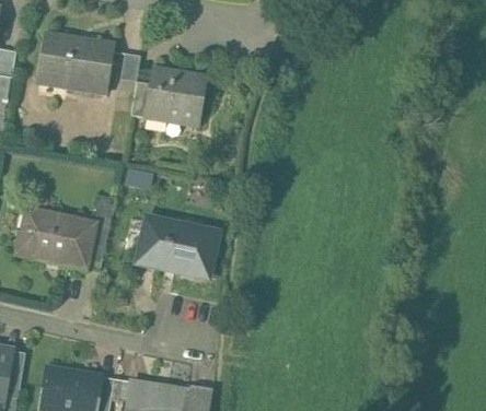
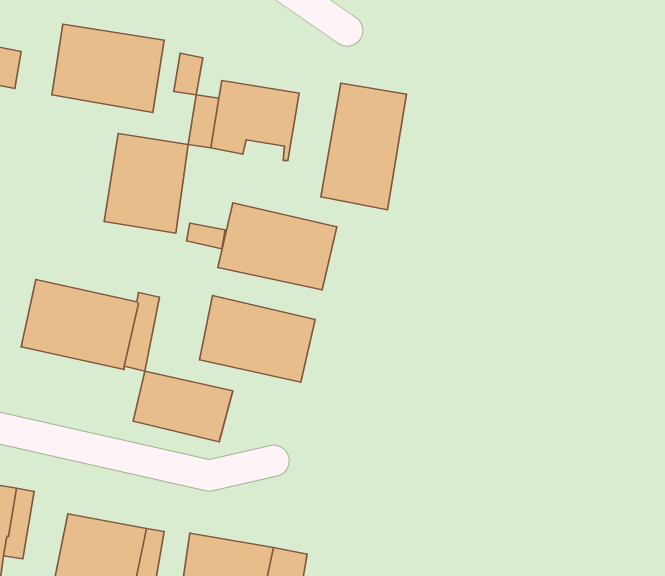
building: none -> [321,83,406,210]
building: none -> [104,134,188,233]
building: none -> [218,203,337,290]
building: none -> [133,371,233,442]

